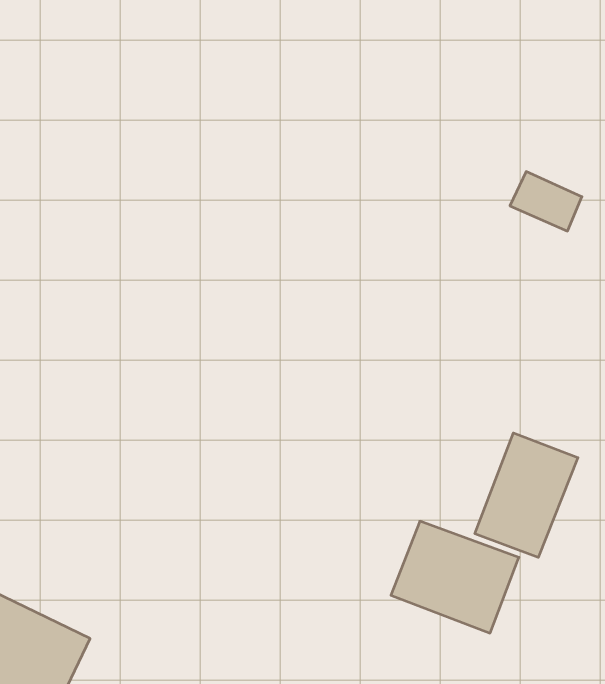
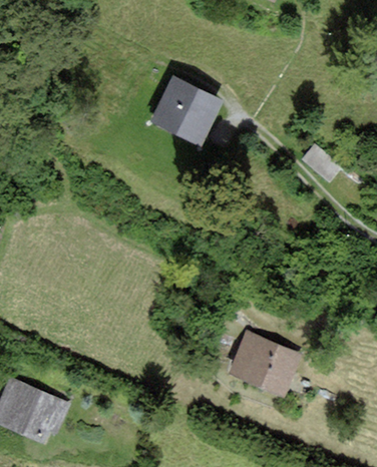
building: none -> [145,75,221,147]
building: [475,433,578,557] -> none

